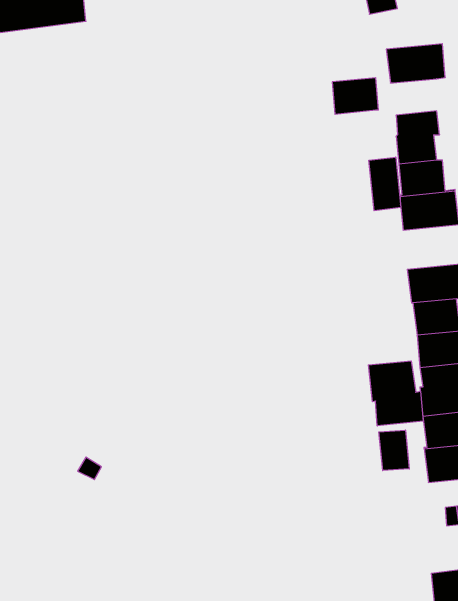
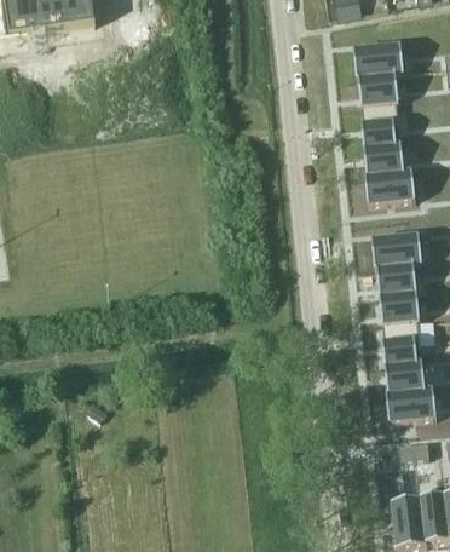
building: [332,78,378,114] -> [359,71,399,103]
building: [369,157,401,211] -> none
building: [368,361,423,426] -> none
building: [379,430,409,471] -> none

